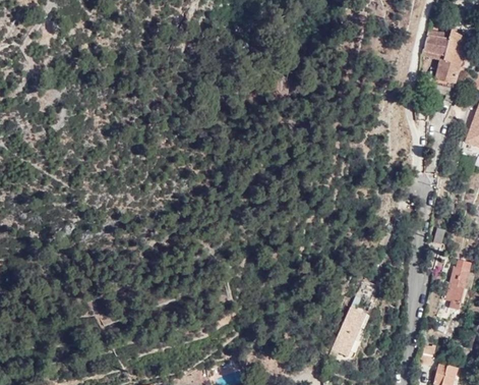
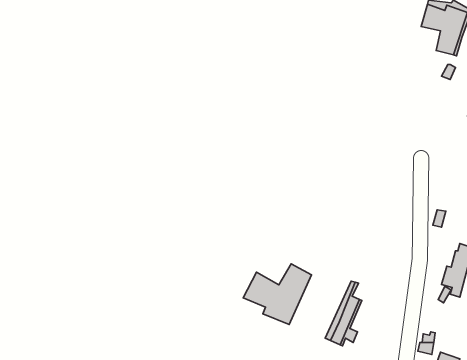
building: none -> [243,264,312,325]

